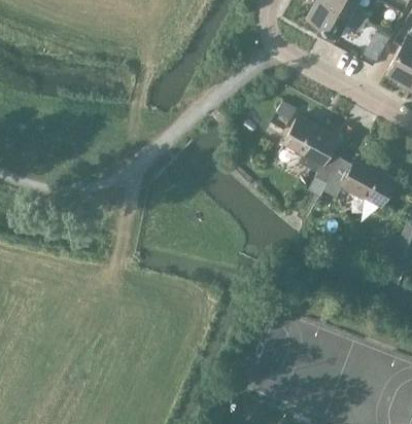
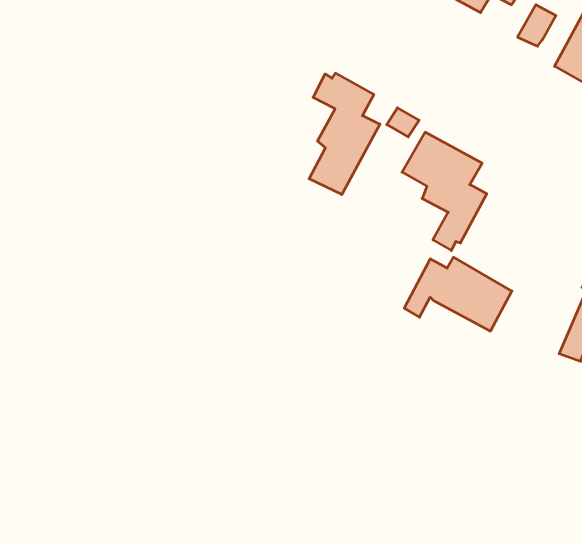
building: none -> [309,73,380,195]
building: [324,158,397,208] -> [404,257,512,331]

